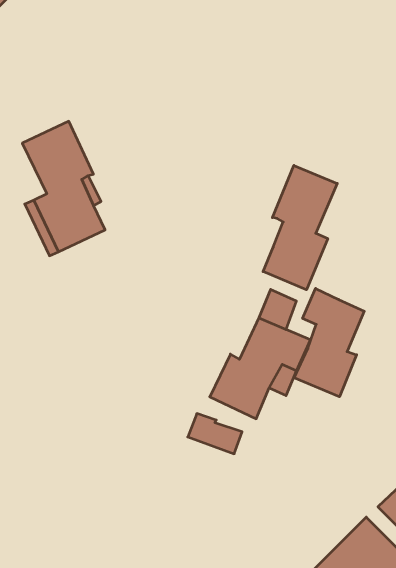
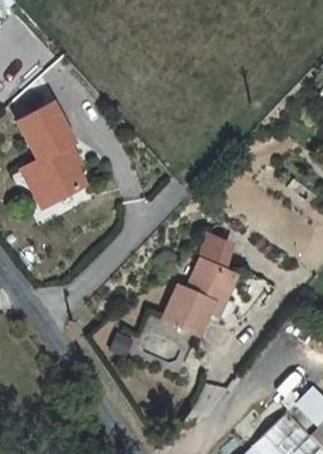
building: [263,165,337,290] -> none
building: [294,288,364,397] -> none

